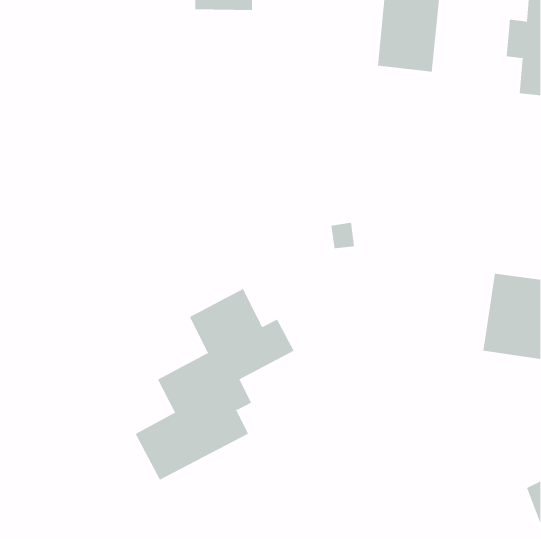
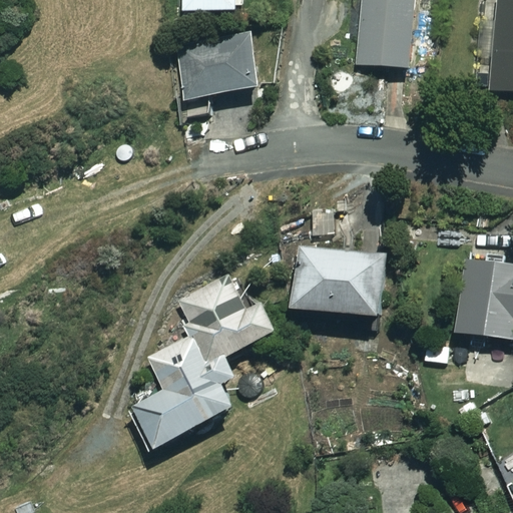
building: none -> [176,32,260,98]
building: none -> [293,246,387,318]

